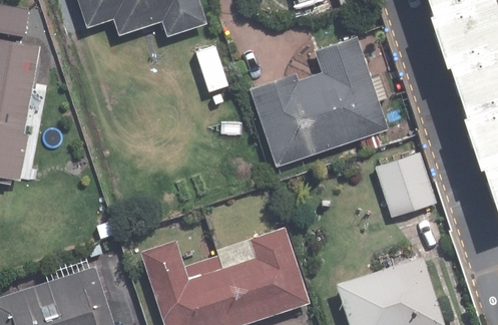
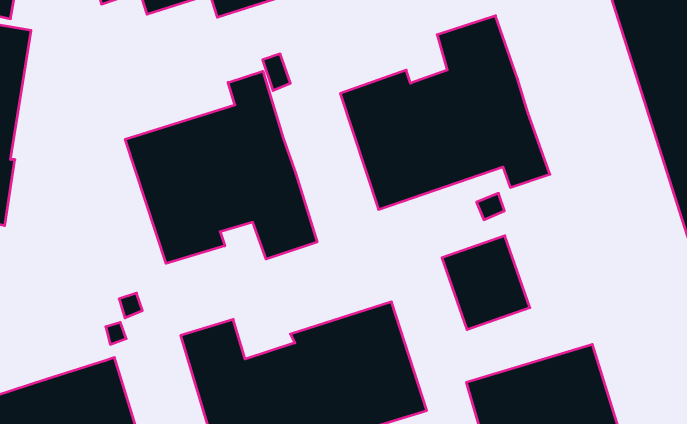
building: none -> [125,71,317,263]
building: [377,152,437,217] -> [442,236,530,330]

